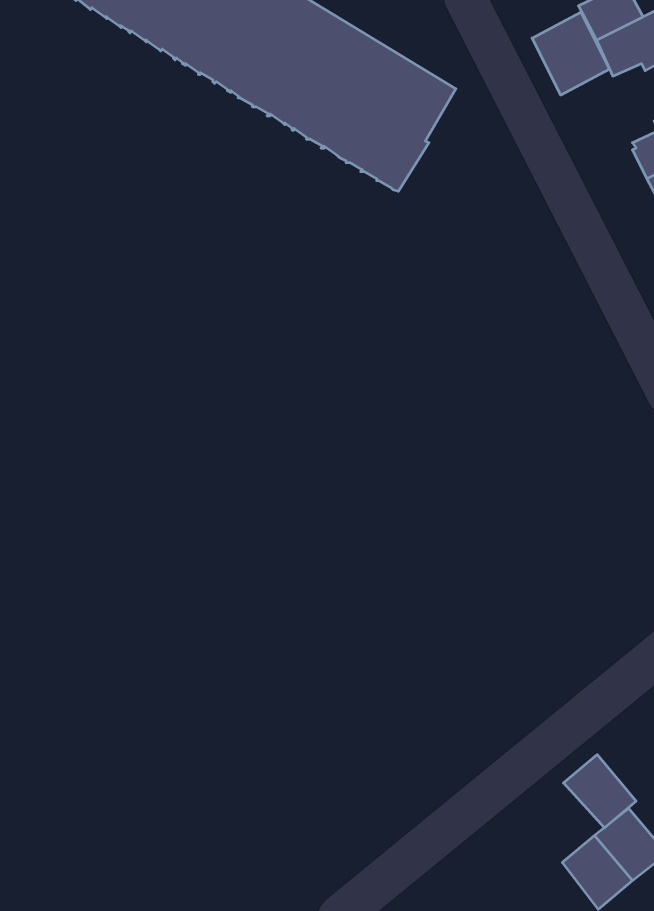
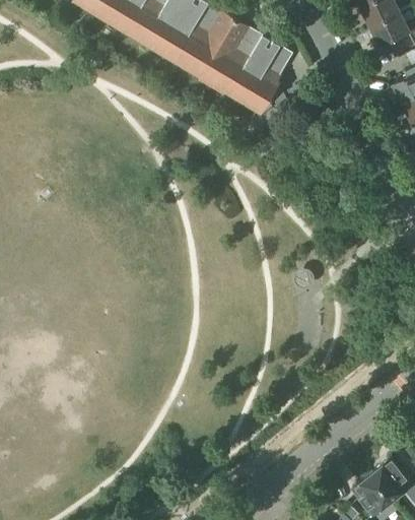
building: [532,12,610,95] -> none
building: [563,755,636,828] -> none

